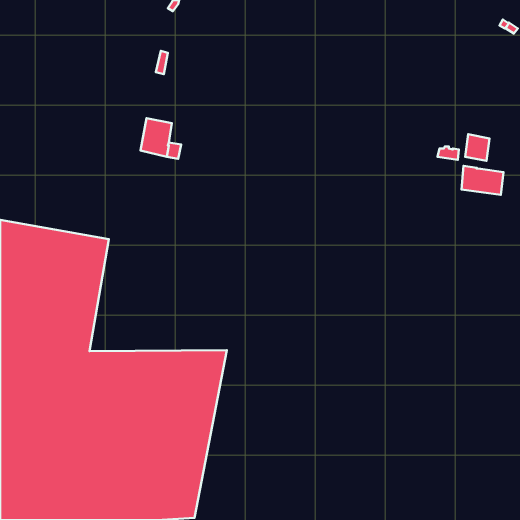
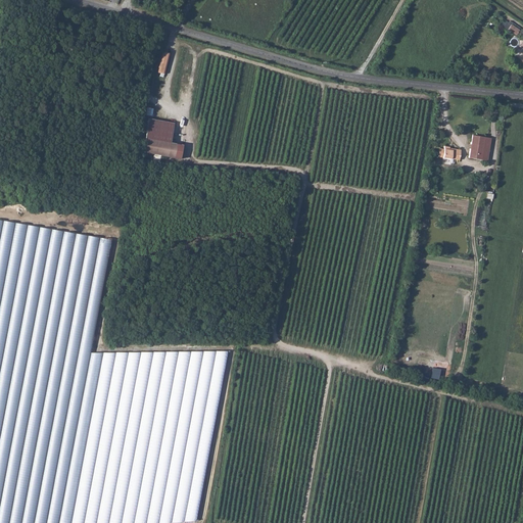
building: [462,166,503,195] -> none

